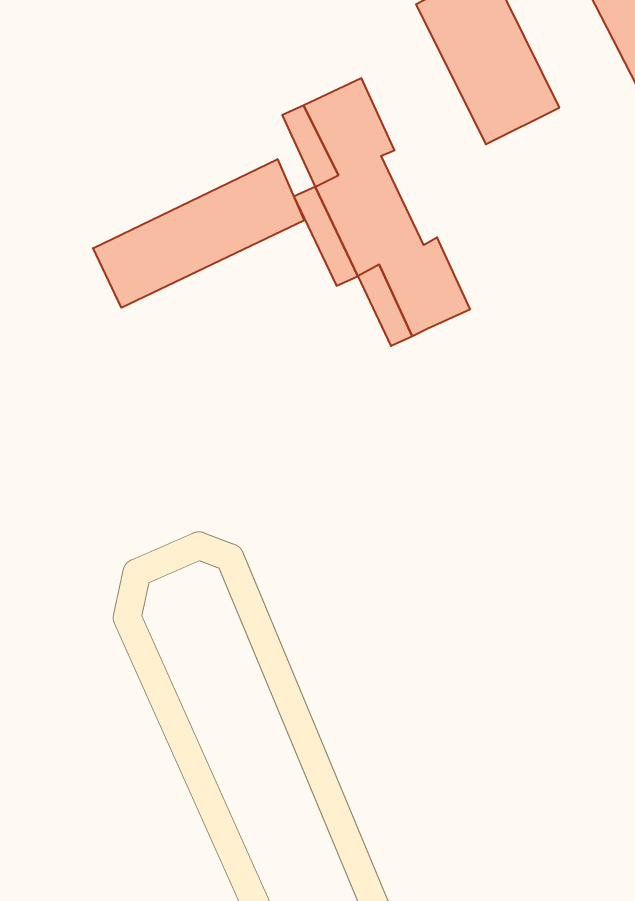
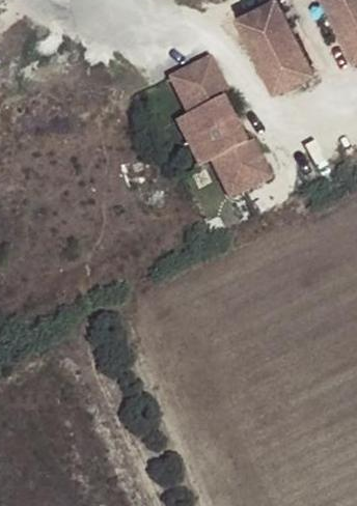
building: [93,159,304,308] -> none

